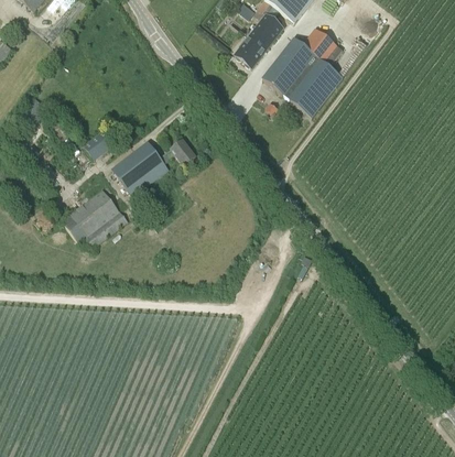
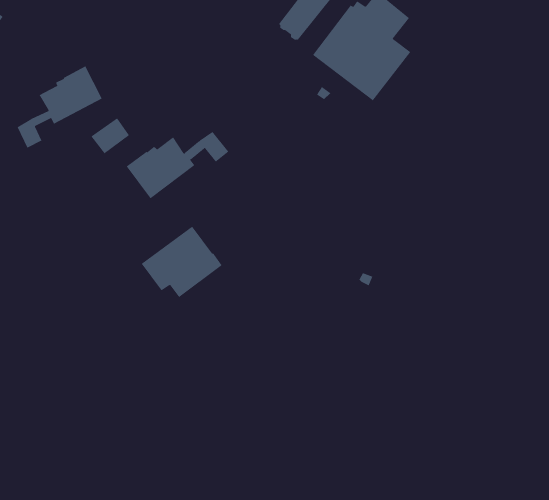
building: none -> [17,65,103,149]
building: [61,188,127,247] -> [141,226,222,298]

